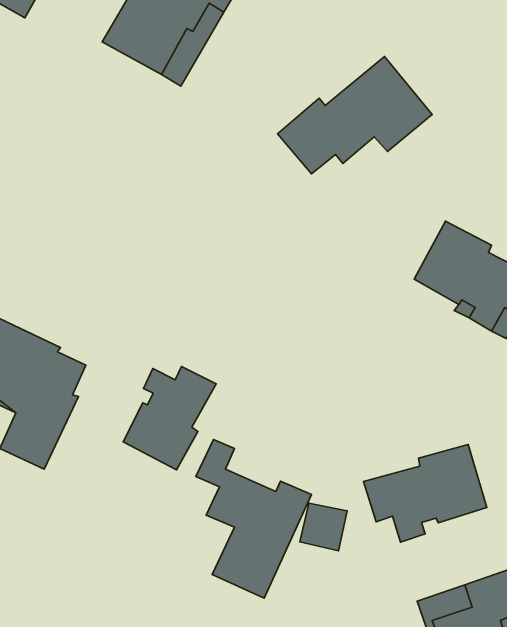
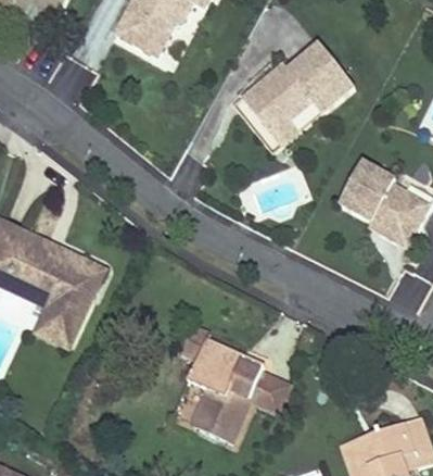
building: none -> [232,99,319,152]
building: [123,366,216,470] -> none
building: [364,445,487,542] -> none

